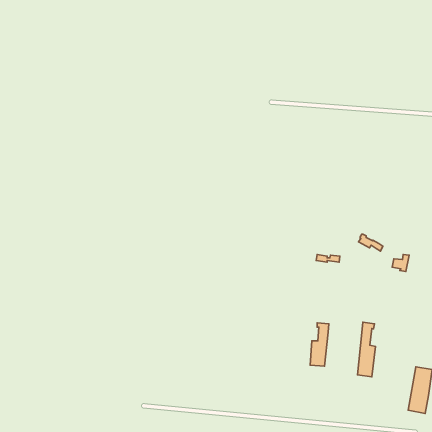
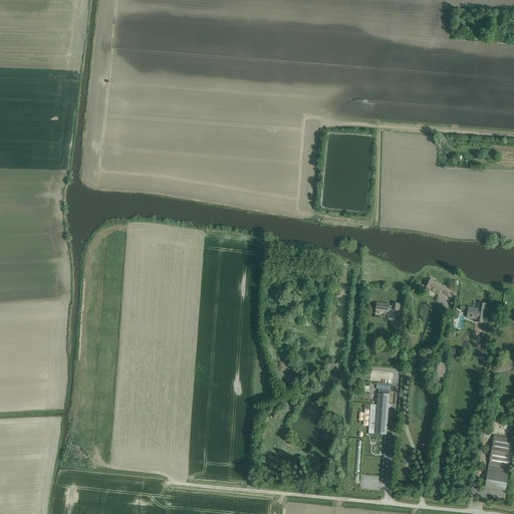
building: [358,322,376,377] -> none

